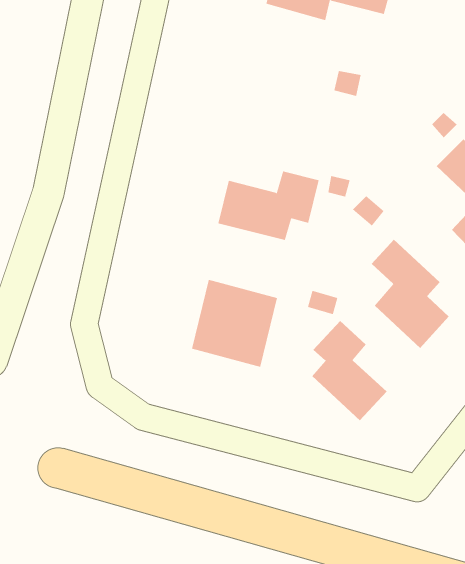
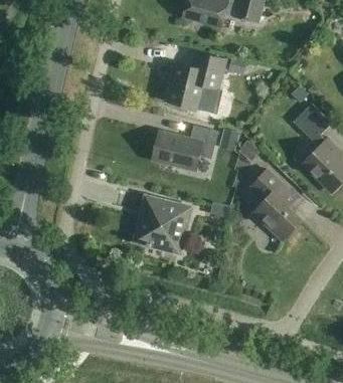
building: none -> [166,52,225,109]
building: [312,320,388,421] -> none

